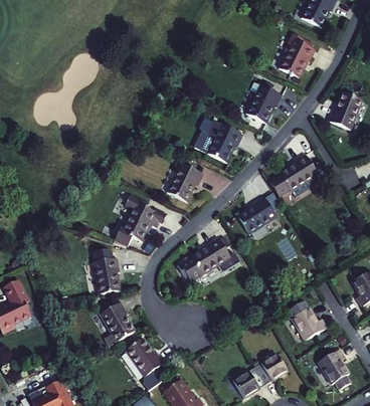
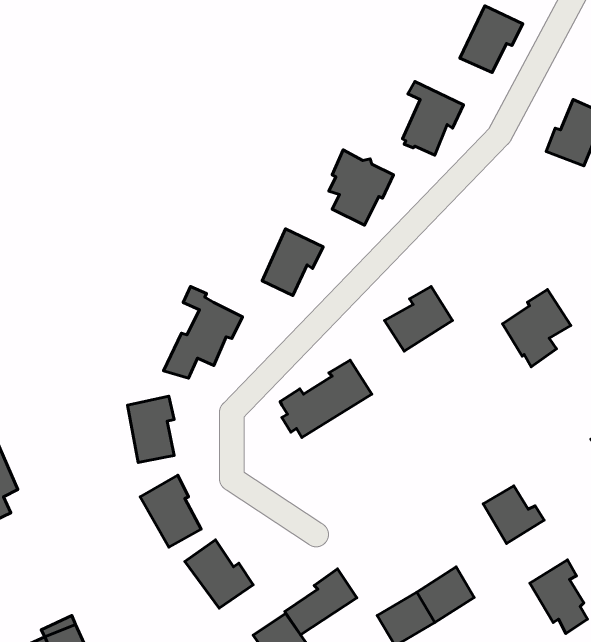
building: [279,154,317,197] -> [502,290,571,367]
building: none -> [285,569,357,635]

